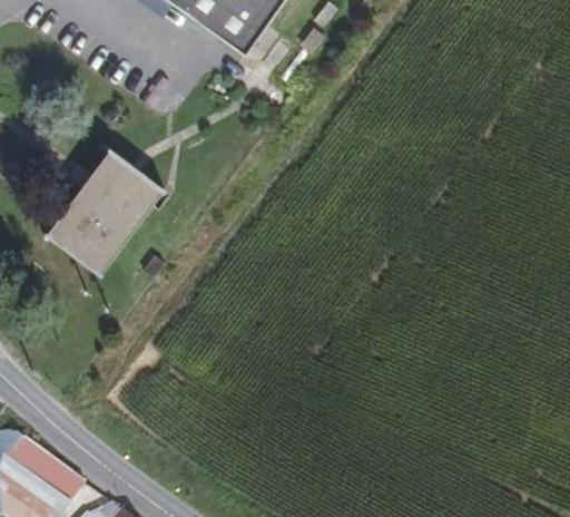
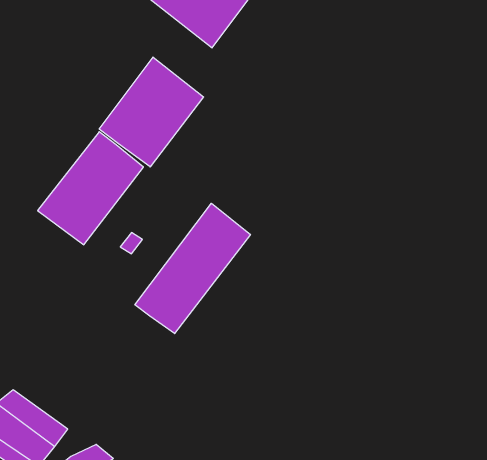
building: none -> [99,57,204,167]
building: none -> [135,203,250,334]

